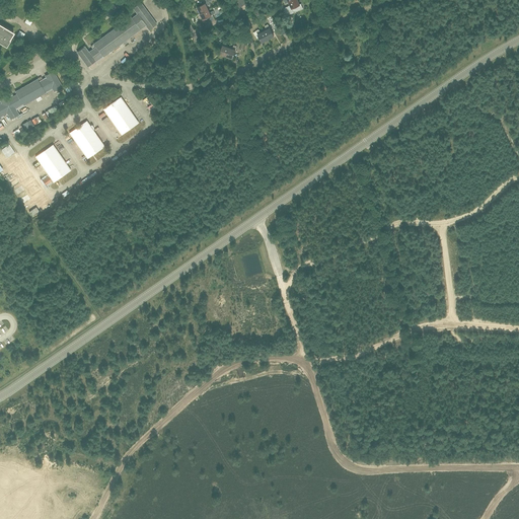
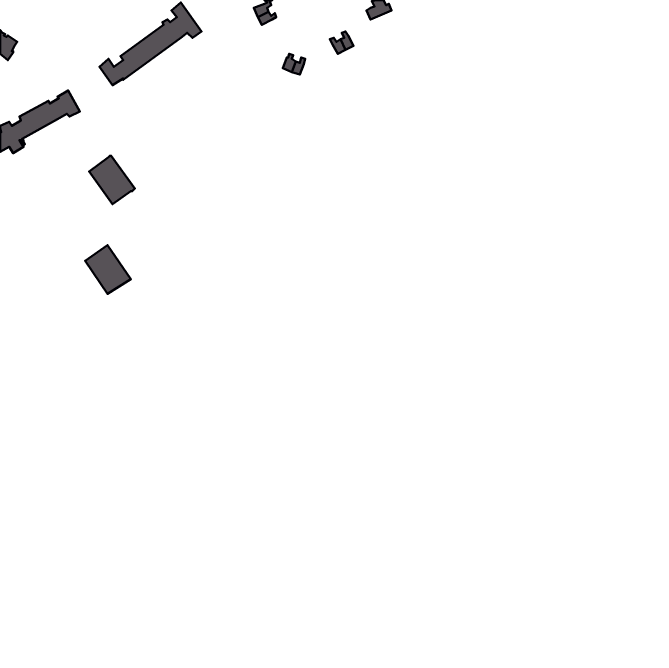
building: [103,97,138,135] -> none
building: [35,145,71,182] -> [85,245,131,294]

